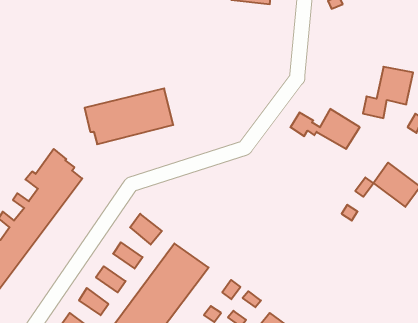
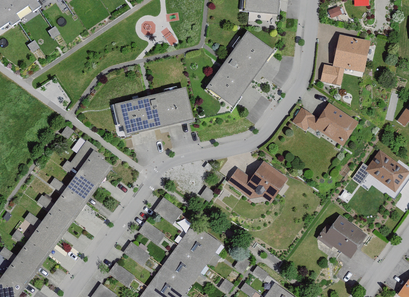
building: none -> [204,31,273,108]
building: [363,67,413,118] -> [324,38,368,83]
building: none -> [226,164,285,203]
building: none -> [317,219,364,254]

